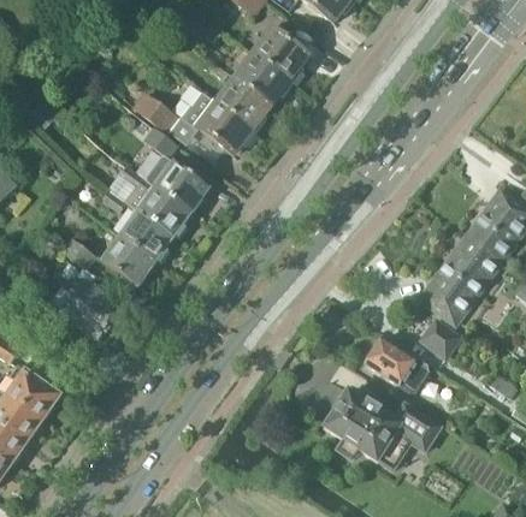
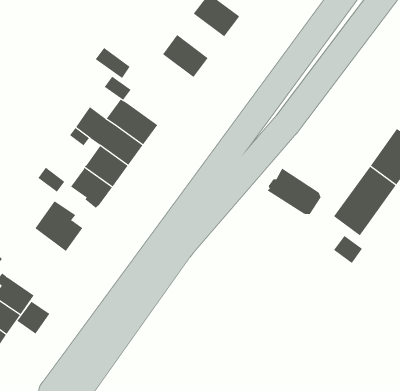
building: [234,49,291,103] -> none
building: [171,89,254,153] -> none
building: [365,333,431,390] -> [267,168,321,214]
building: [325,387,441,467] -> none
building: none -> [17,301,50,335]

